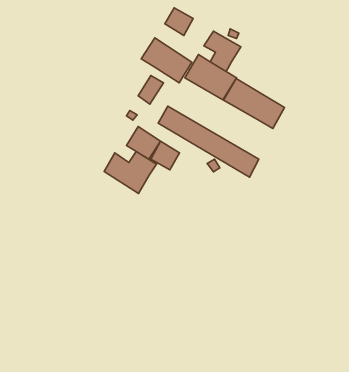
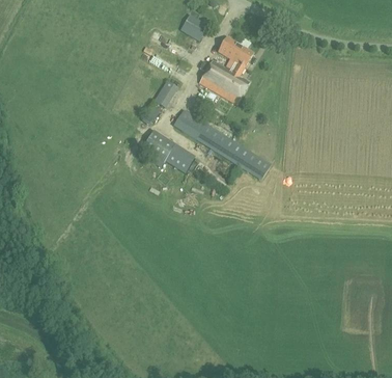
building: [141,38,192,83] -> none
building: [223,79,284,129] -> none
building: [104,151,157,194] -> none

